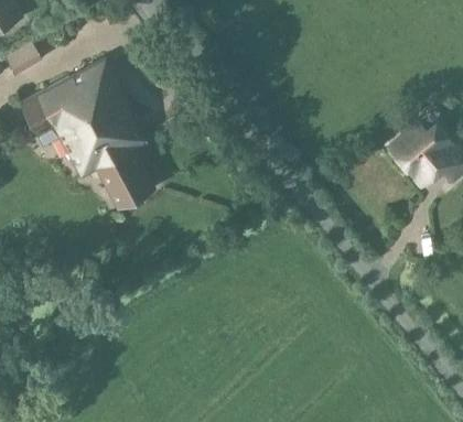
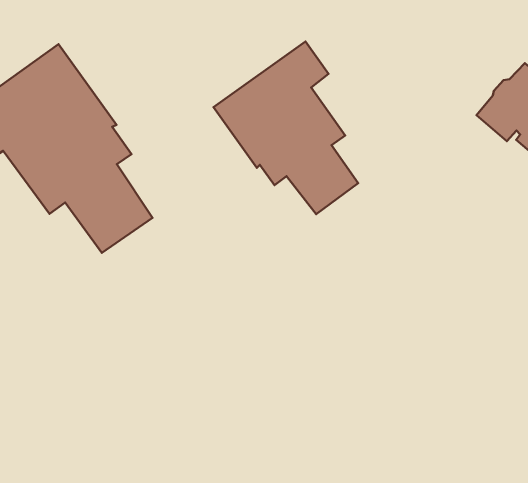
building: none -> [213,41,358,214]

